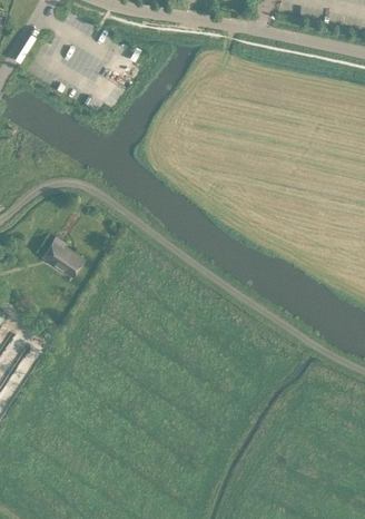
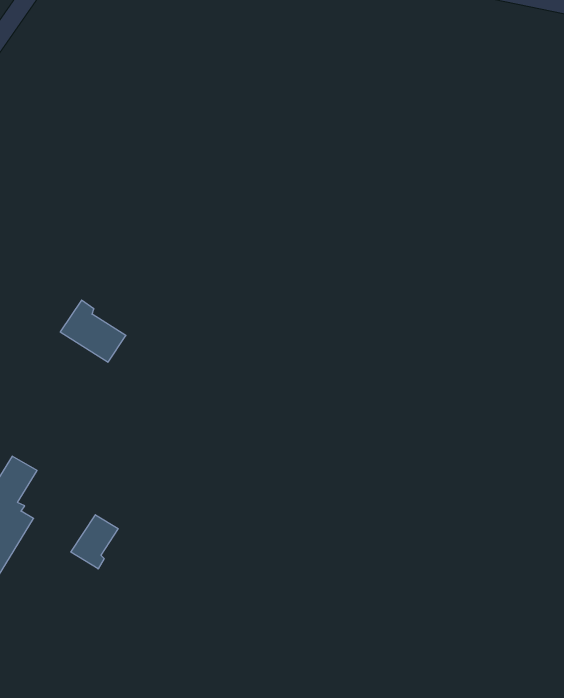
building: none -> [71,515,118,569]

